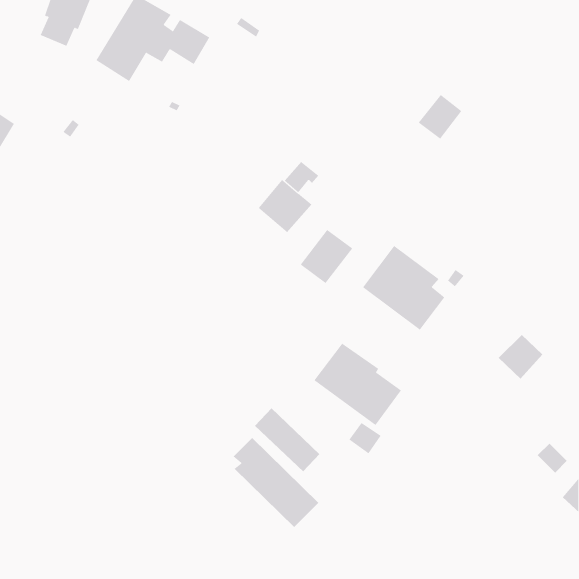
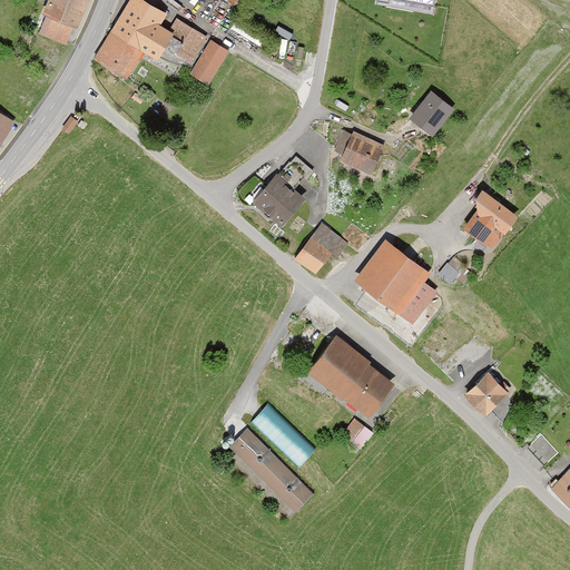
building: none -> [190,41,229,86]
building: none -> [341,134,384,177]
building: none -> [464,190,519,249]
building: [498,334,543,379] -> [464,372,509,416]

